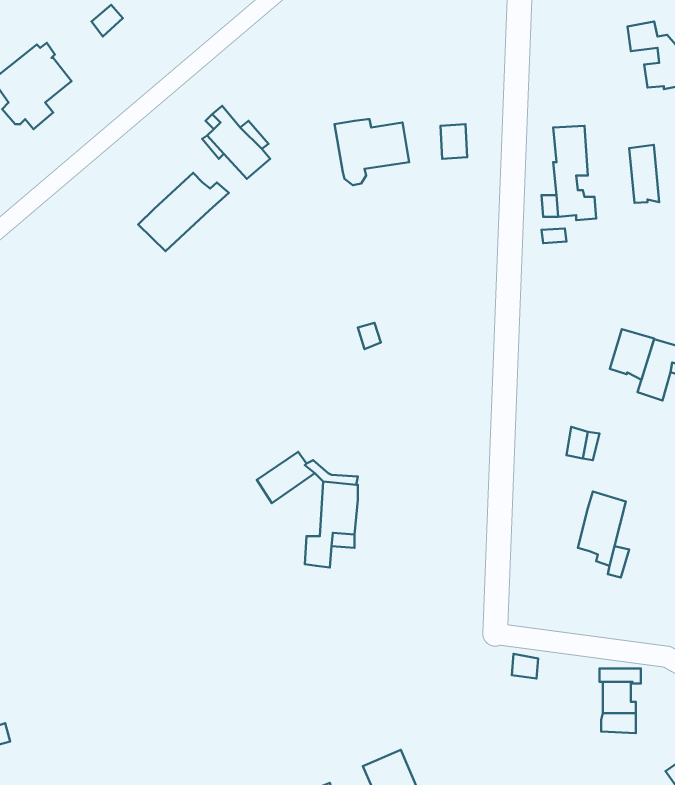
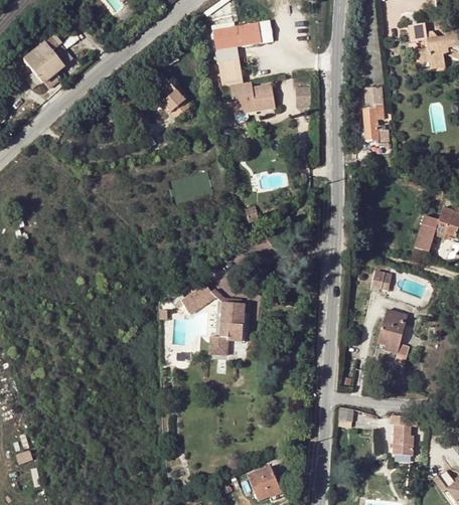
building: none -> [212,20,272,88]
building: [629,145,659,203] -> none
building: [138,173,229,251] -> none
building: [610,329,654,380] -> none

